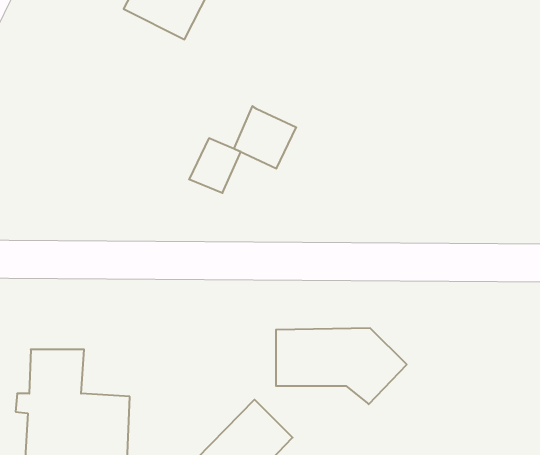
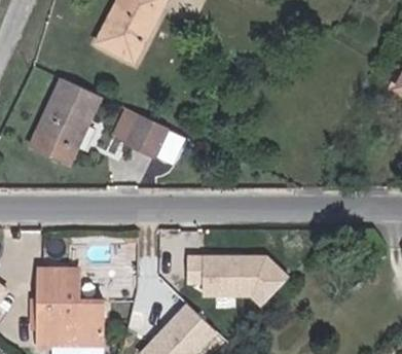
building: none -> [24,78,86,161]
building: [234,106,296,168] -> [117,111,159,153]

